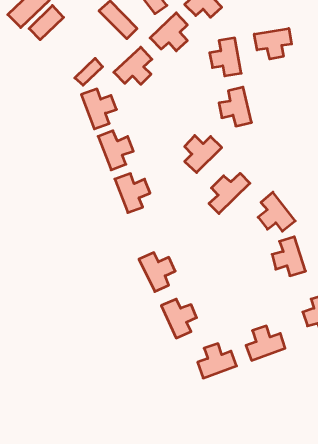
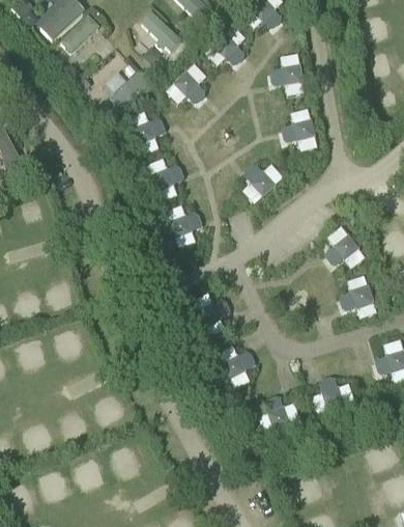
building: [254,28,292,59] -> none
building: [209,173,250,214] -> none

